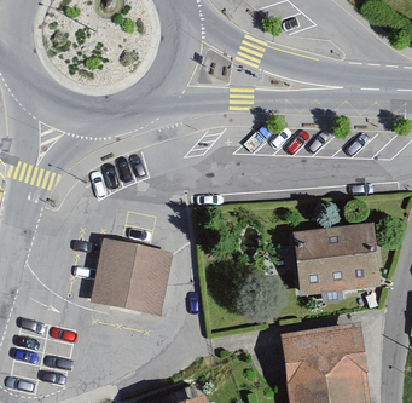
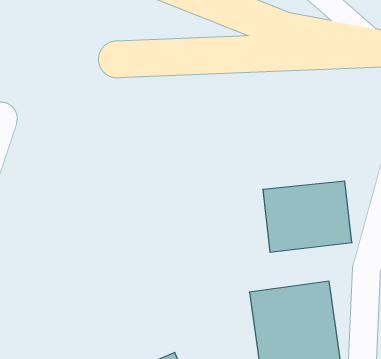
building: [88,237,173,313] -> none

